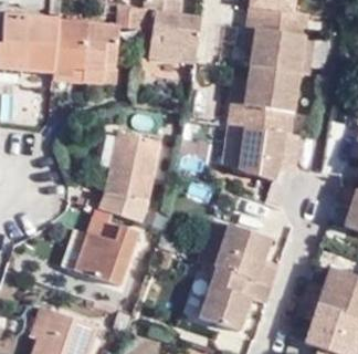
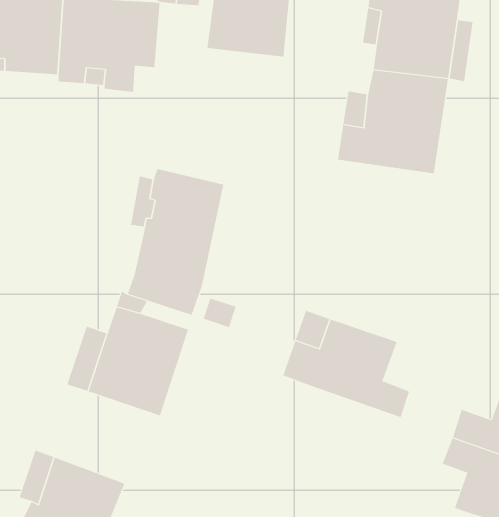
building: [223,126,301,184] -> none
building: [196,268,270,333] -> none

